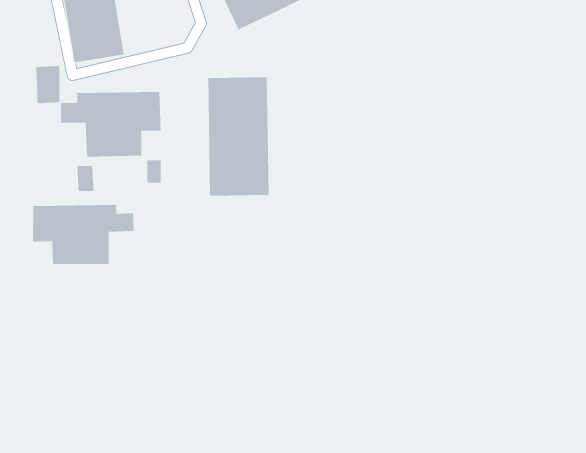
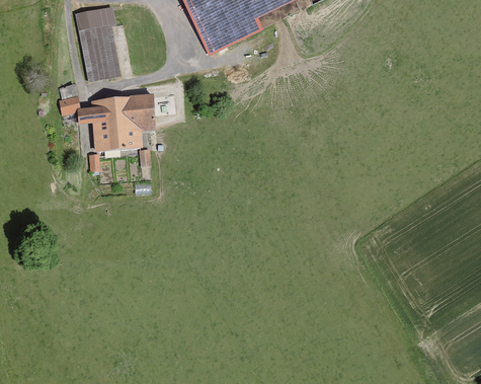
building: [208,76,269,197] -> none
building: [33,204,134,265] -> none

